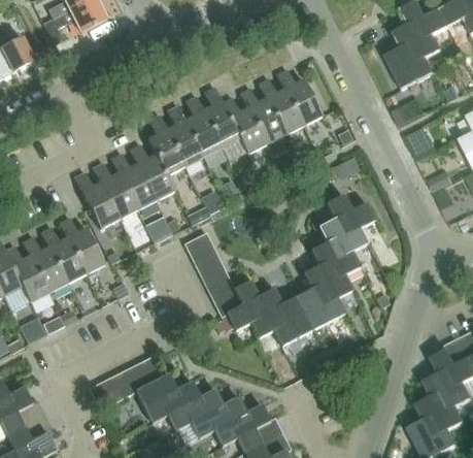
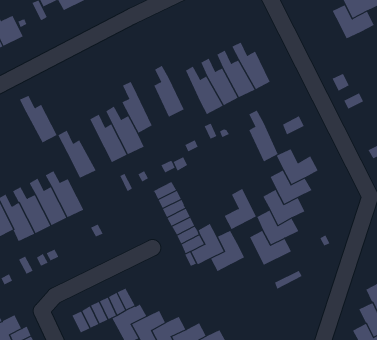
building: [384,50,434,91] -> none
building: [203,88,238,149] -> [248,110,279,162]
building: [166,106,202,167] -> none
building: [92,164,136,220] -> [19,95,57,143]
building: [274,297,312,346] -> [224,188,257,230]

